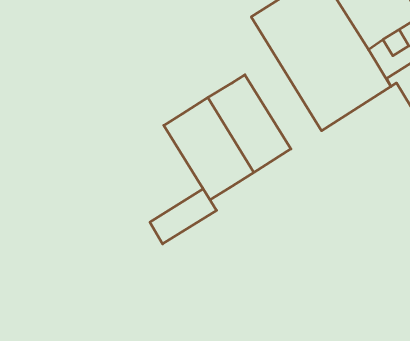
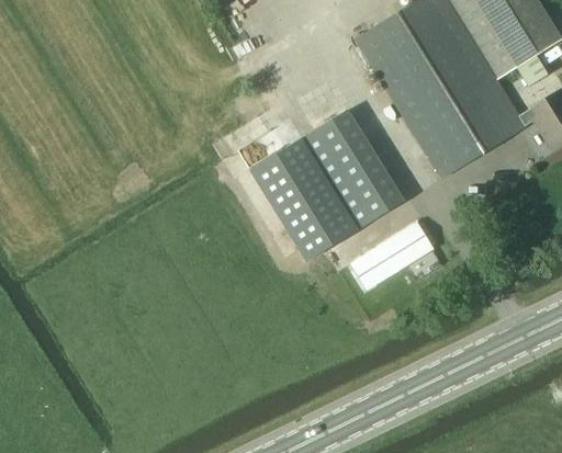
building: [150,189,217,244] -> [352,220,434,287]

